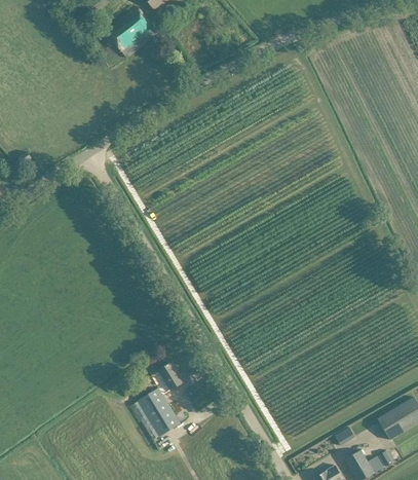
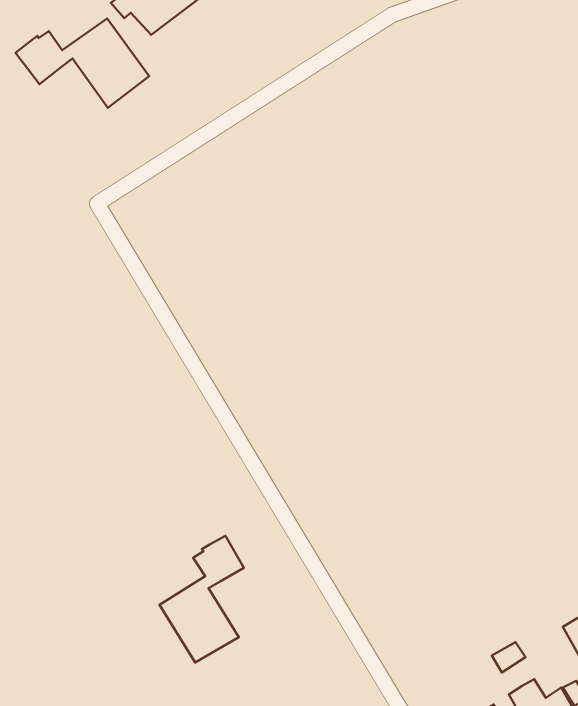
building: none -> [16,18,149,108]

